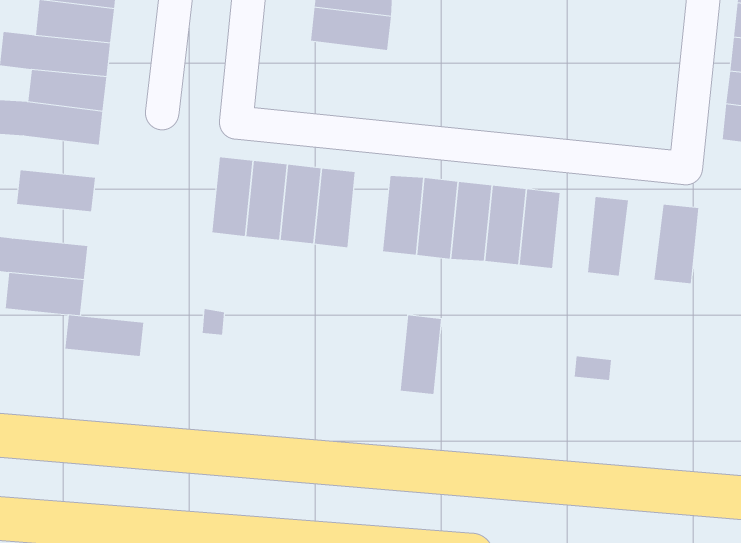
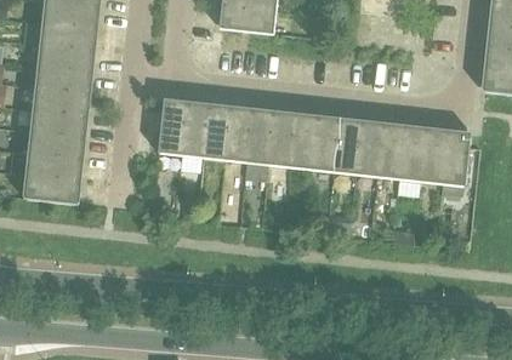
building: none -> [36,87,87,114]
building: none -> [377,124,404,175]
building: none -> [420,128,448,179]
building: [64,315,144,357] -> [32,131,83,158]
building: [400,315,442,395] -> [246,110,273,161]

